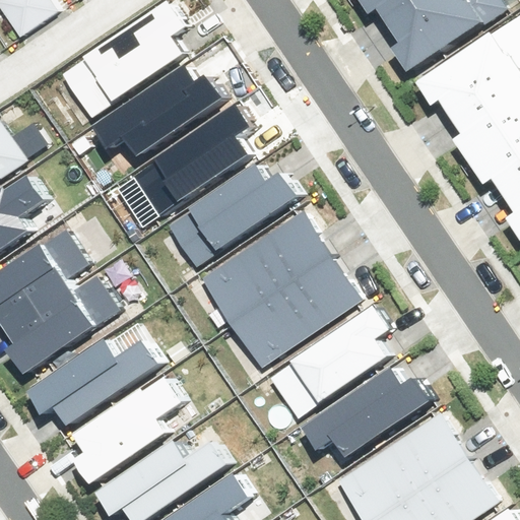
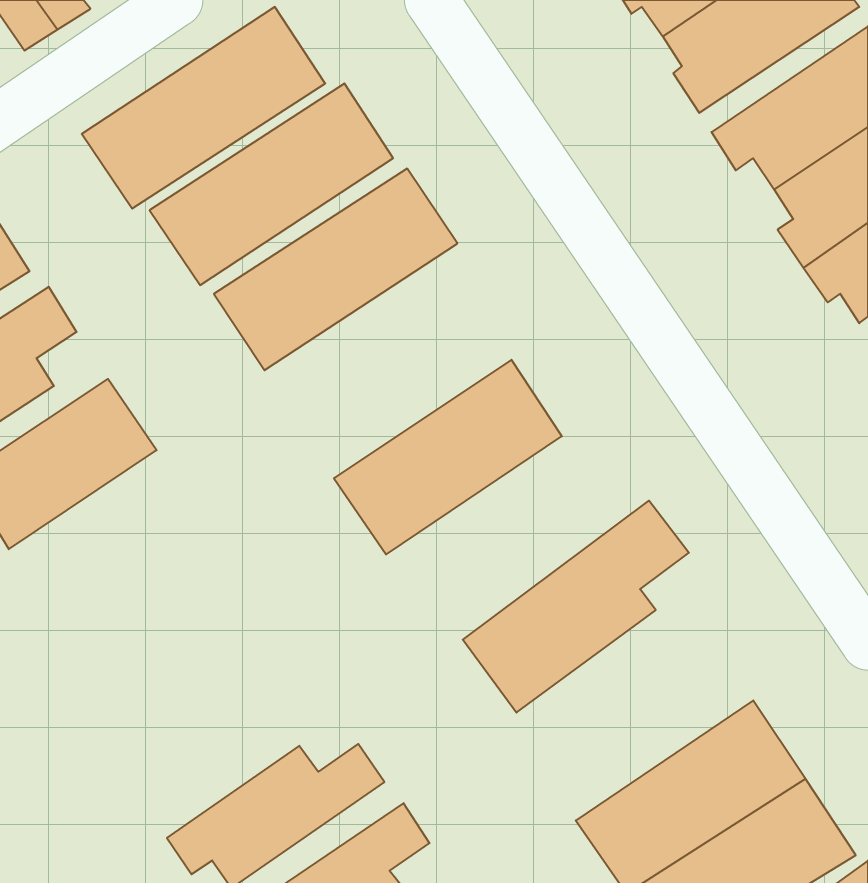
building: [155,152,298,270] -> none
building: [225,258,359,372] -> none
building: [5,266,120,373] -> none
building: [29,335,157,419] -> none
building: [74,373,179,480] -> none
building: [313,377,435,452] -> none

